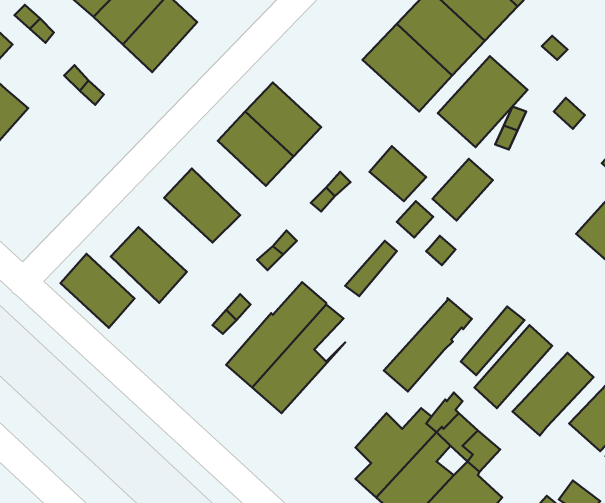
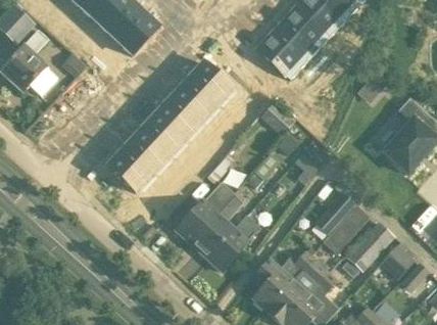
building: [438,56,527,147] -> none
building: none -> [155,97,199,141]
building: [433,159,493,220] -> none
building: [61,254,135,328] -> [124,131,167,175]
building: [384,298,472,391] -> [208,216,260,271]

